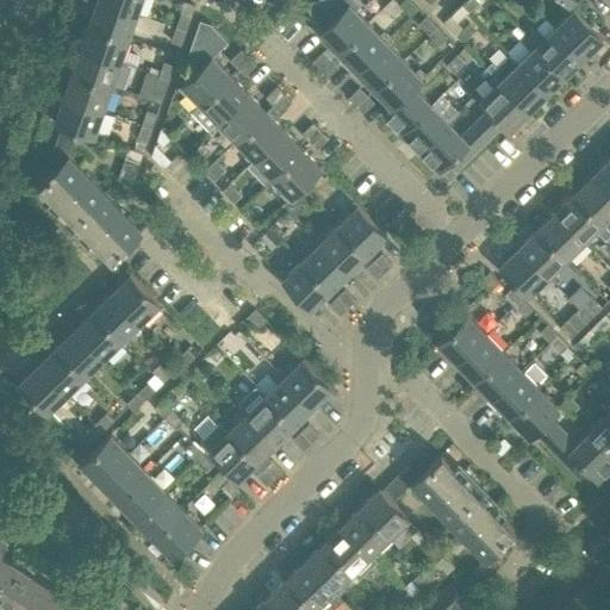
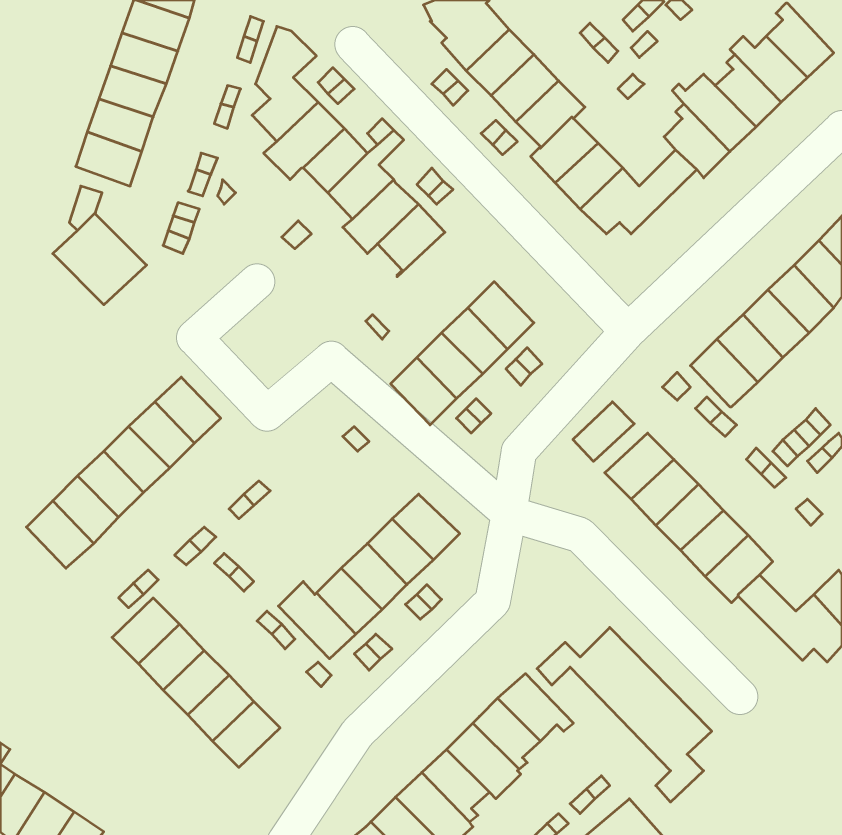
building: [75,197,142,262] -> none
building: none -> [573,402,634,461]

